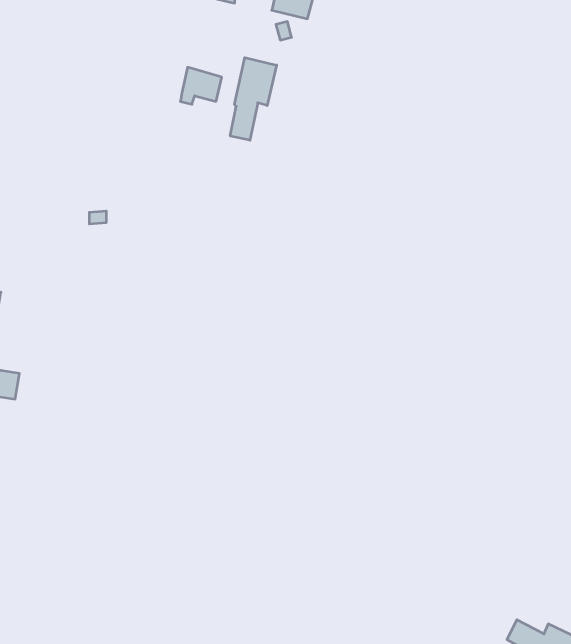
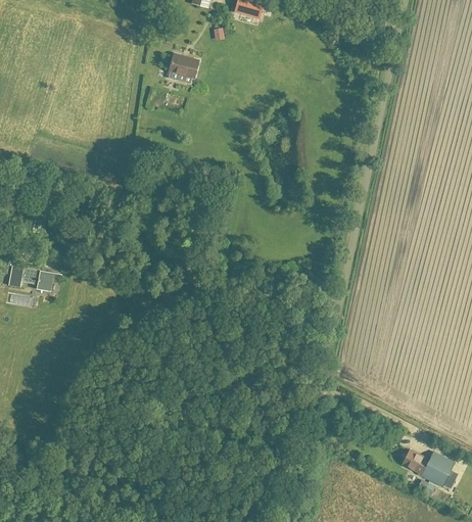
building: [230,58,277,140] -> none

